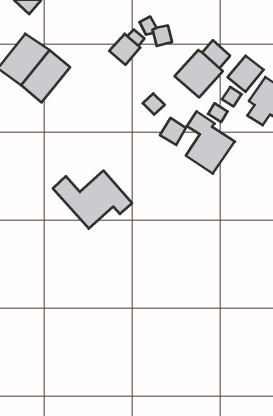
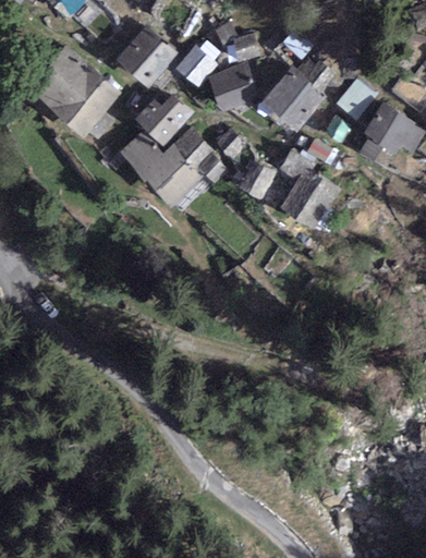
building: none -> [114,28,174,88]
building: none -> [207,66,255,112]
building: none -> [136,93,194,142]
building: [53,171,132,229] -> [126,126,232,204]

